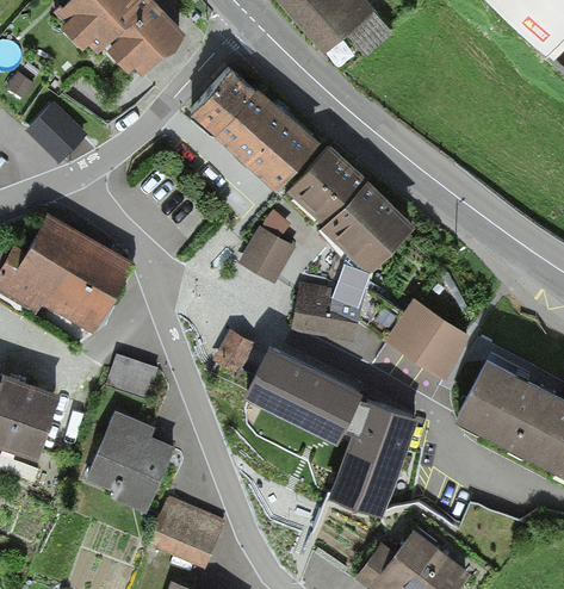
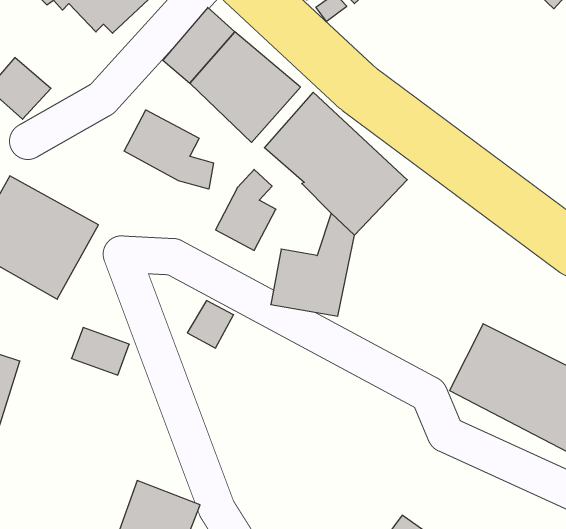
building: none -> [124,110,213,189]
building: [384,300,467,385] -> none
building: [243,341,419,516] -> none
building: [88,416,173,519] -> none

